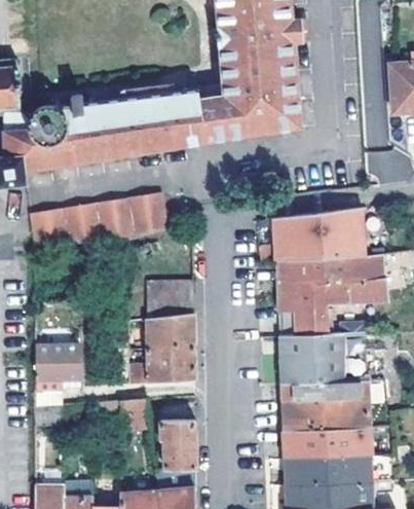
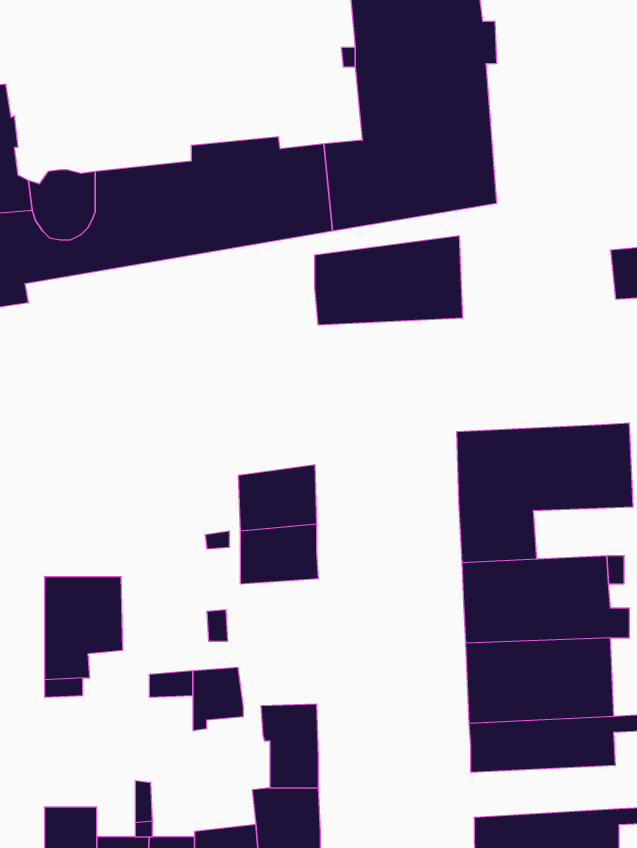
building: [30,193,167,246] -> none
building: [274,207,362,259] -> [314,236,463,325]
building: [145,346,196,383] -> none
building: [285,456,372,486] -> none

